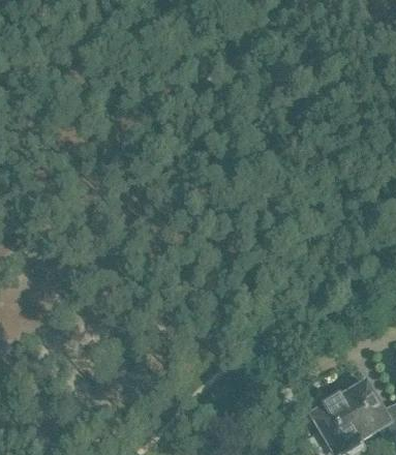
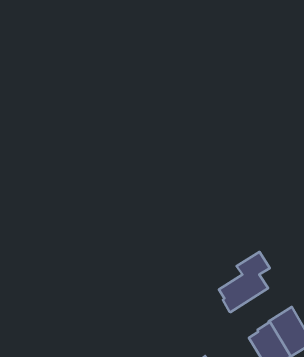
building: none -> [219,252,270,312]

